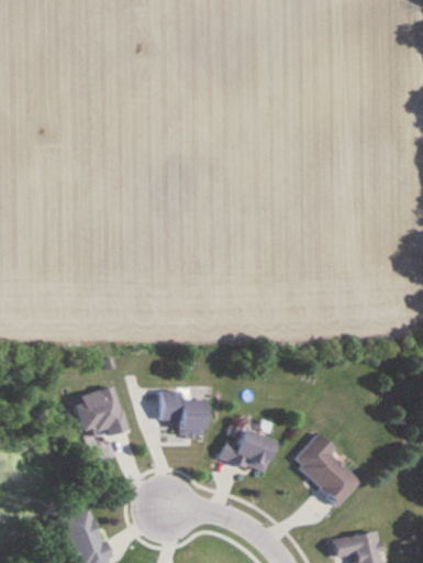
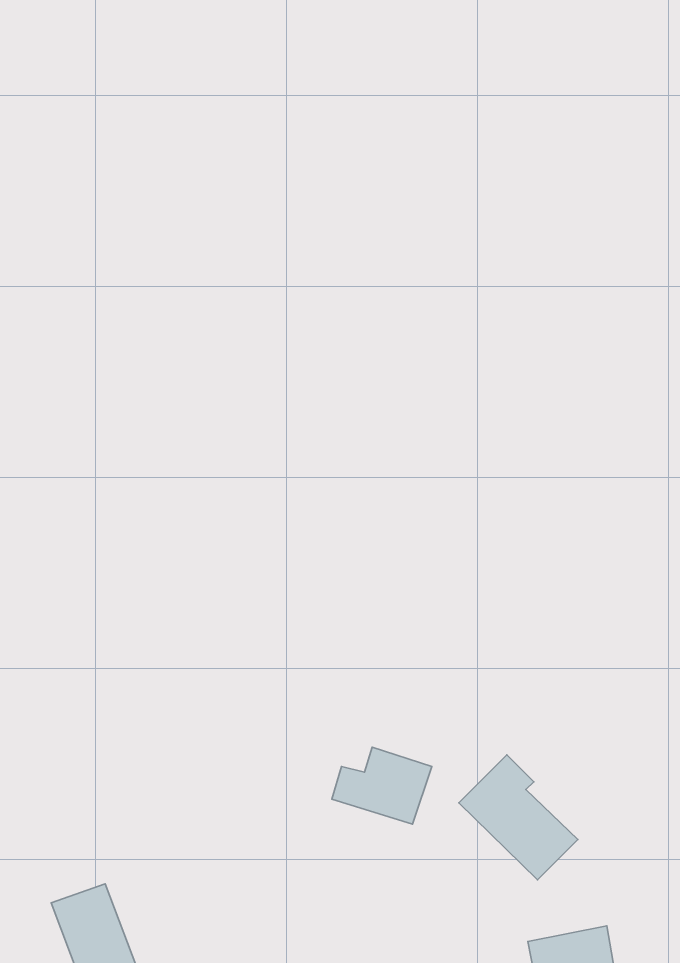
building: [74,387,127,435] -> none
building: [160,390,204,435] -> none

